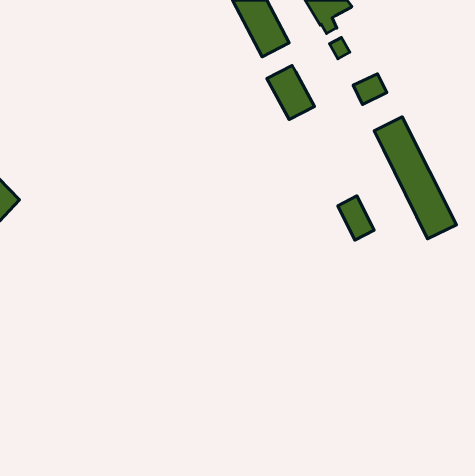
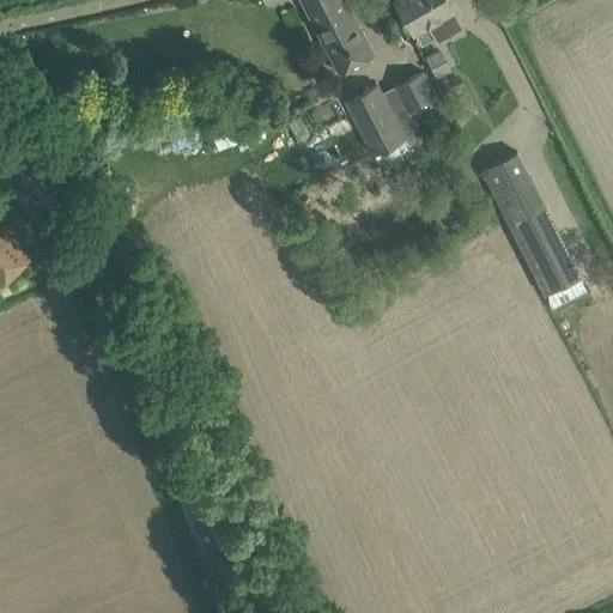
building: [353,74,387,105] -> [392,72,435,111]
building: [338,196,374,240] -> none

